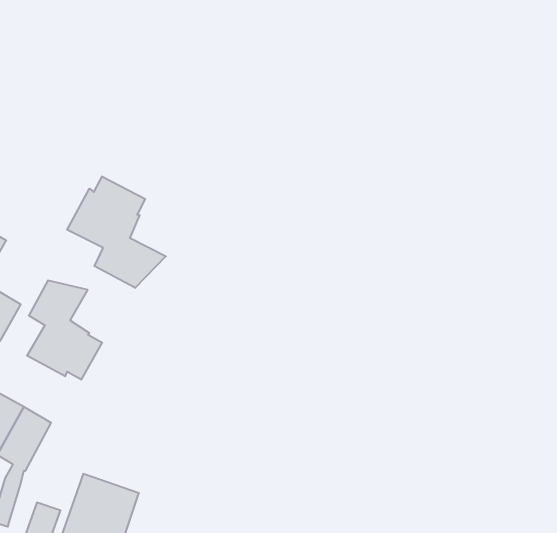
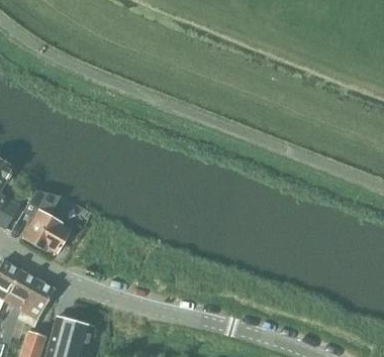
building: [67,176,166,288] -> none
building: none -> [21,280,55,320]

